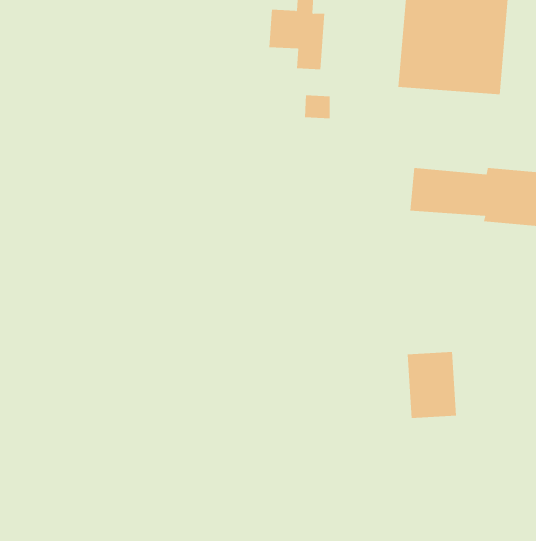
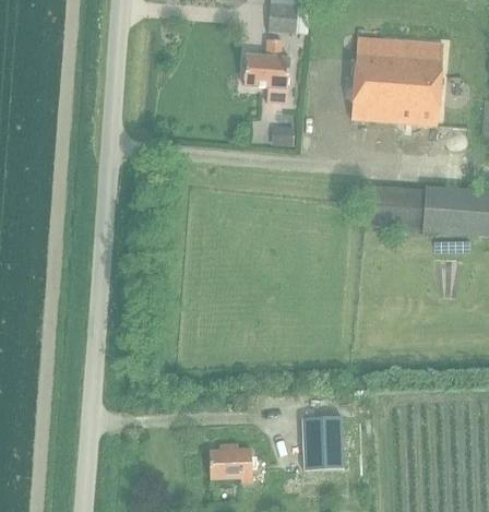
building: [407,351,457,419] -> [300,414,342,469]
building: none -> [208,444,251,480]

